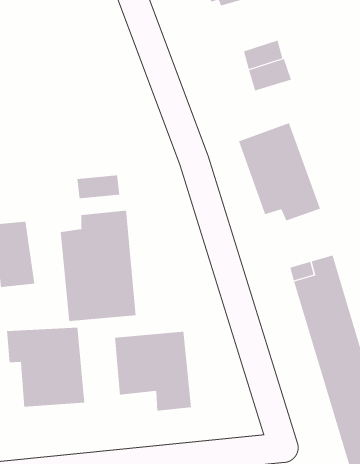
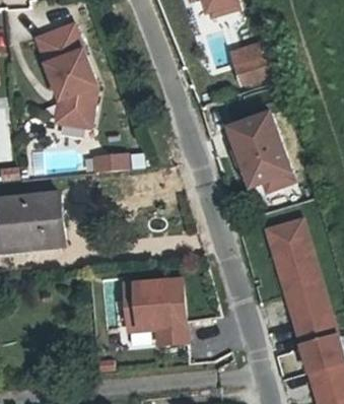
building: none -> [45,19,106,123]
building: [60,210,136,322] -> none
building: [7,327,85,407] -> none

